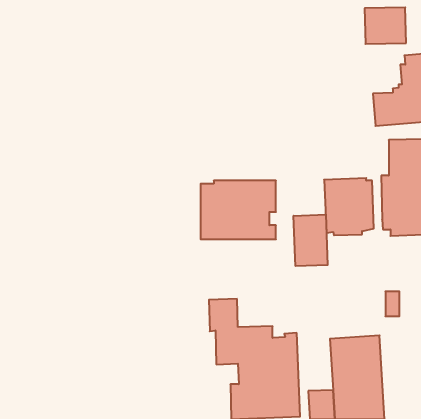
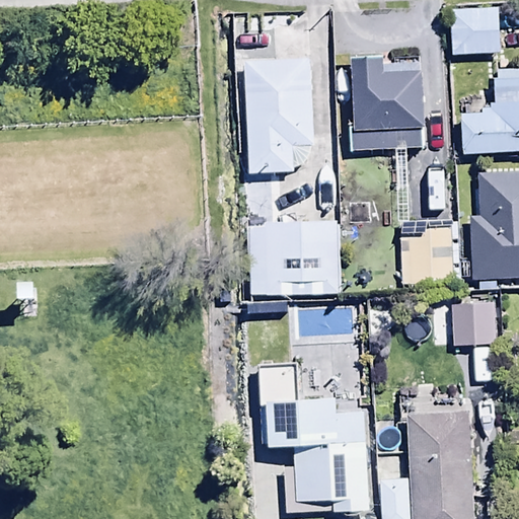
building: none -> [245,58,315,173]
building: none -> [352,58,426,218]
building: [294,215,328,266] -> none
building: none -> [453,307,494,345]

